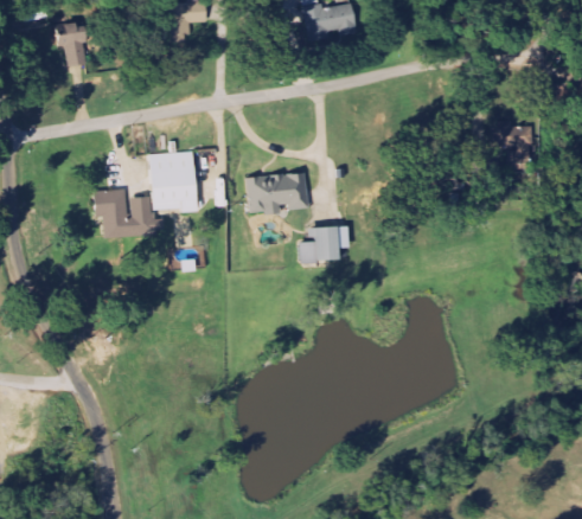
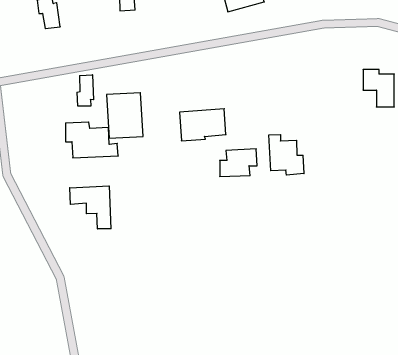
building: none -> [77,75,93,106]
building: none -> [269,135,304,175]
building: none -> [70,186,111,229]

